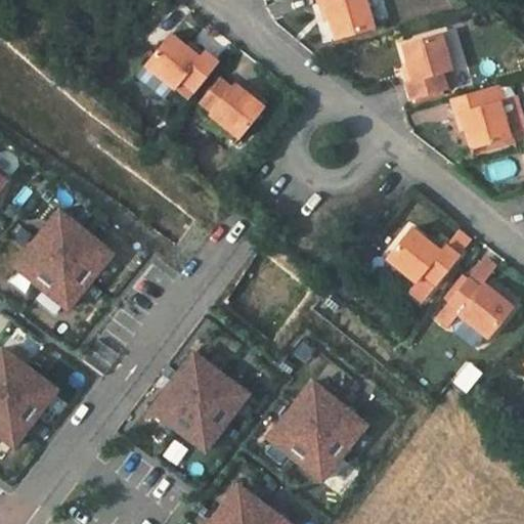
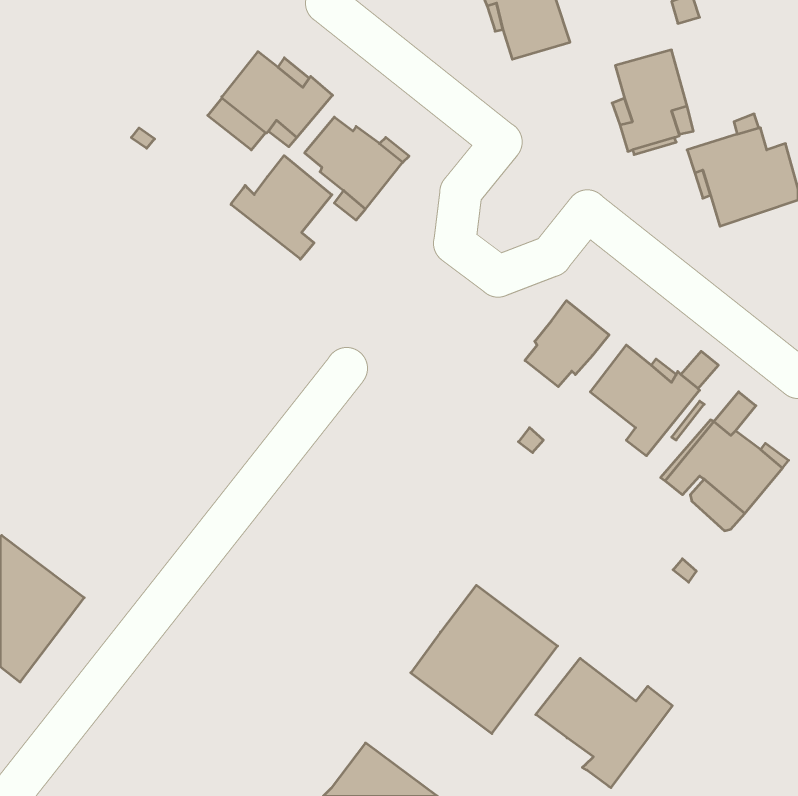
building: none -> [231,156,332,259]
building: none -> [525,301,609,387]
building: [14,211,113,309] -> none
building: [150,353,248,451] -> none
building: none -> [536,658,672,788]

